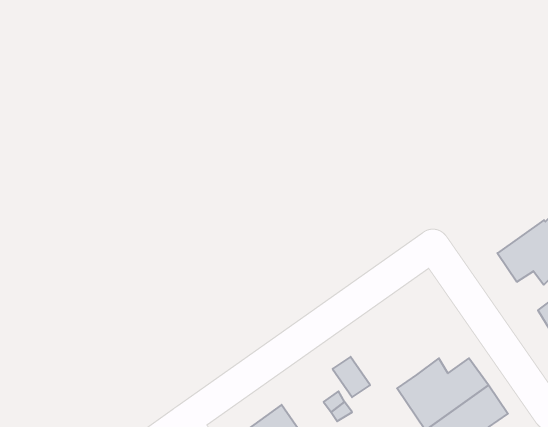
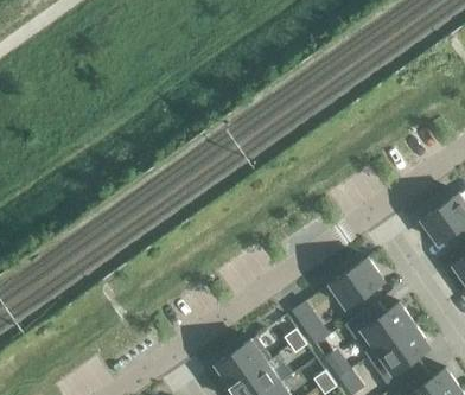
building: none -> [331,257,384,316]

